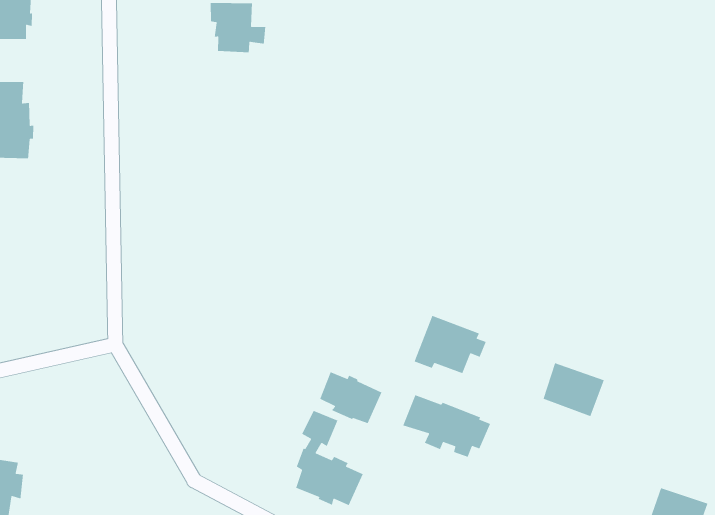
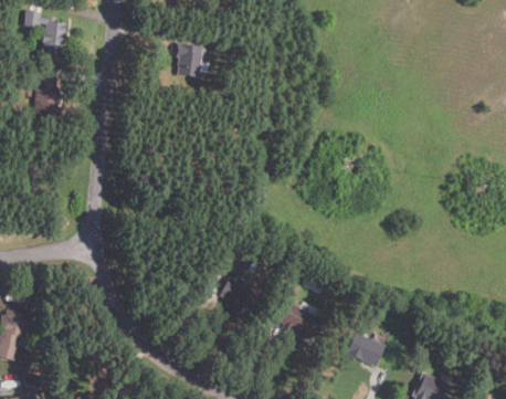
building: [413,315,487,374] -> none
building: [543,362,605,417] -> [346,332,386,368]
building: [295,410,364,506] -> none

